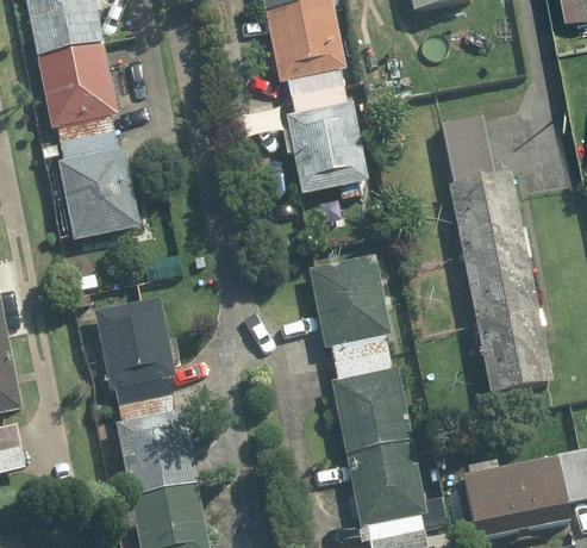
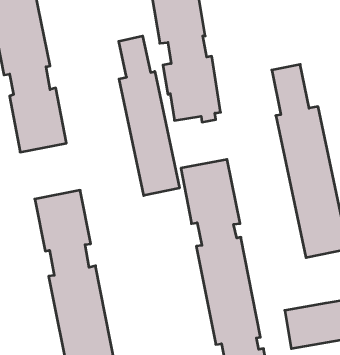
building: none -> [119,36,179,196]

